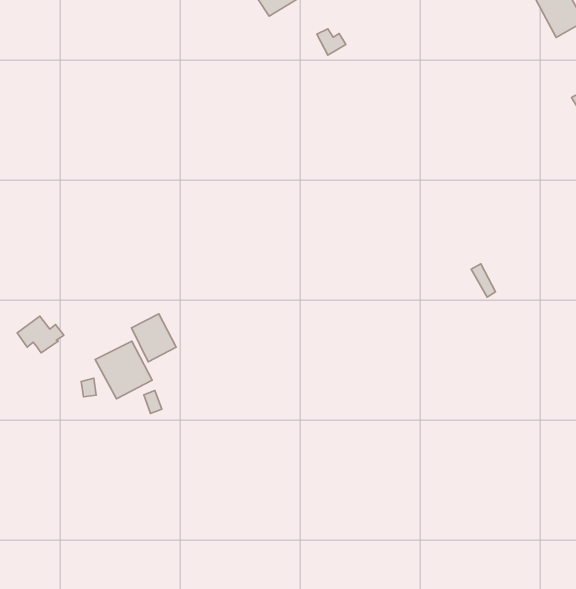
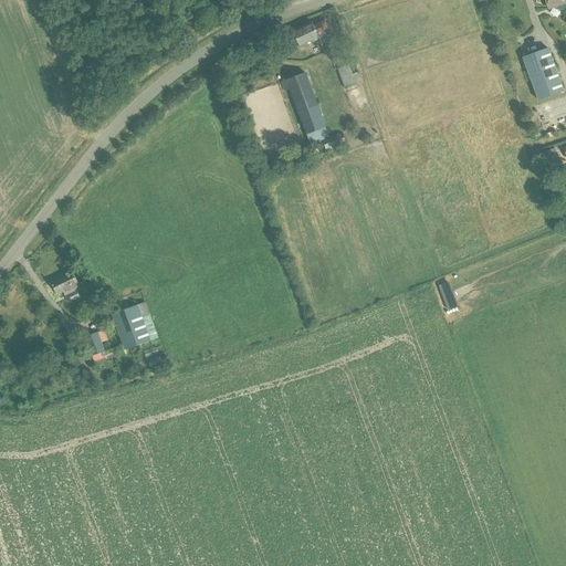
building: none -> [281,72,346,153]
building: [132,314,176,362] -> none

